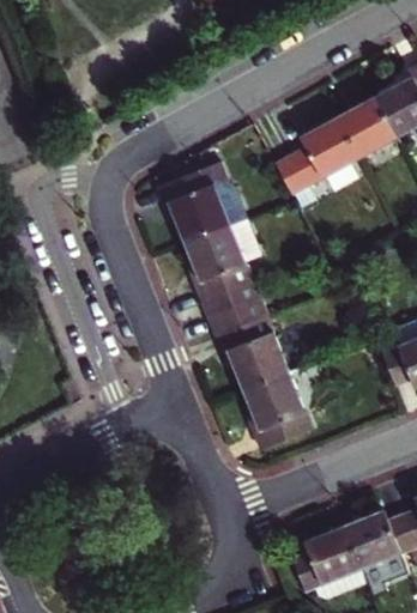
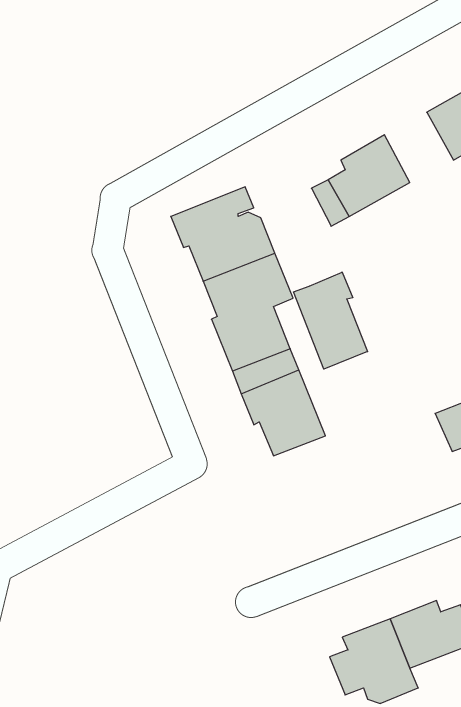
building: [339,97,398,157] -> none
building: none -> [293,272,368,369]
building: [244,372,312,449] -> none

